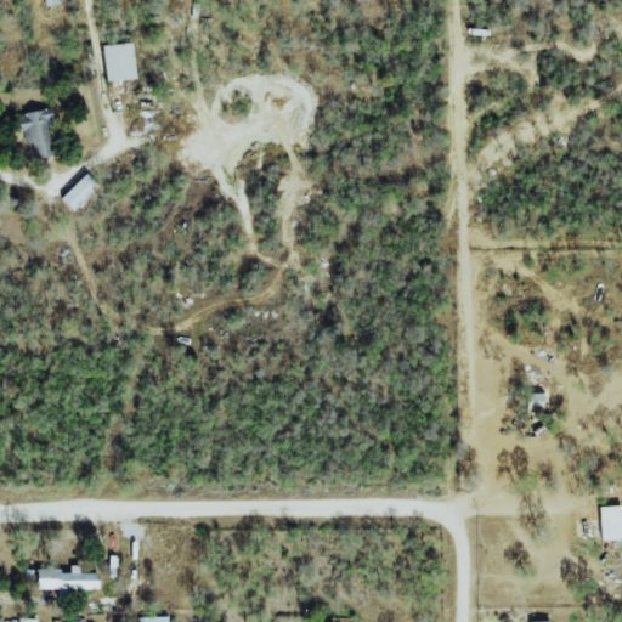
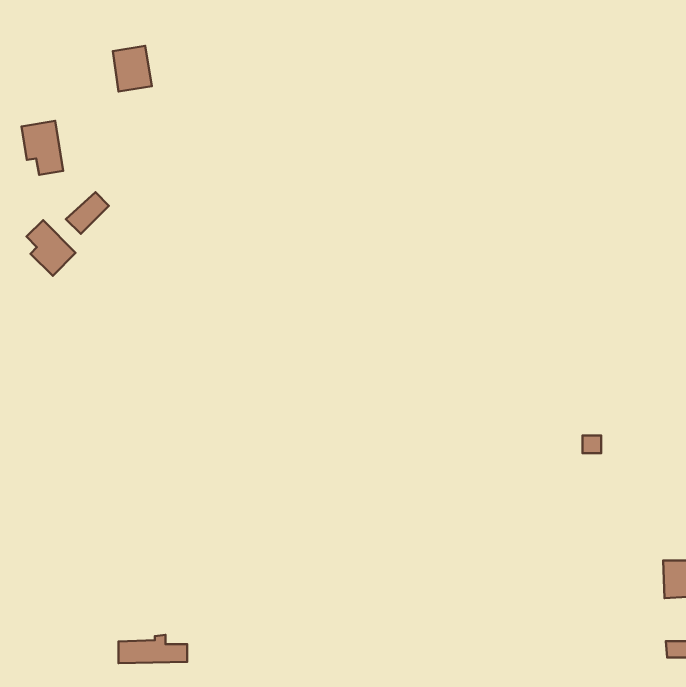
building: none -> [26,220,76,276]
building: [38,565,100,590] -> [118,635,187,663]

